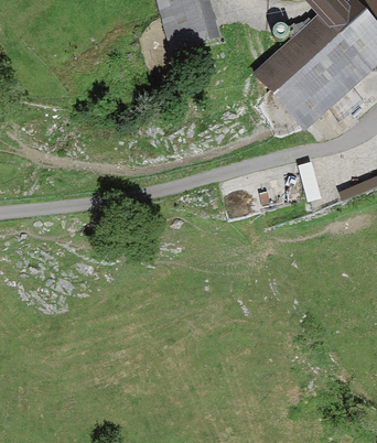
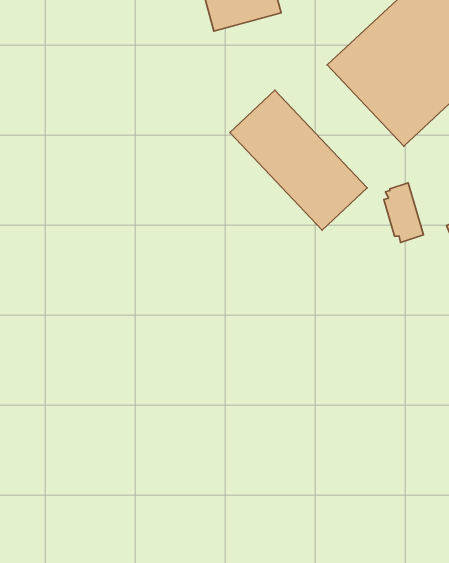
building: none -> [230,90,367,230]

